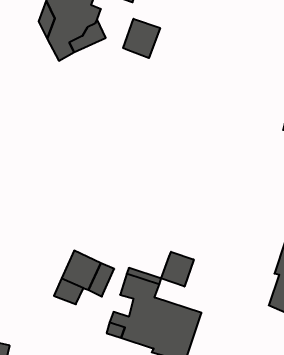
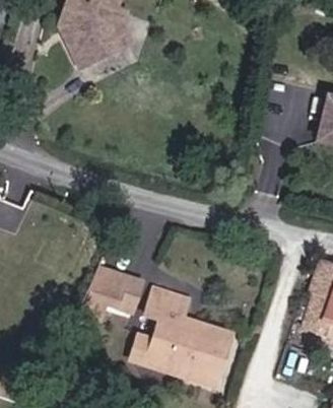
building: [123,19,160,58] -> none
building: [161,252,194,287] -> none

